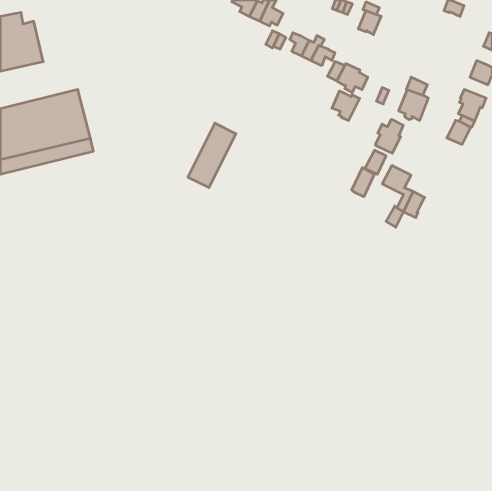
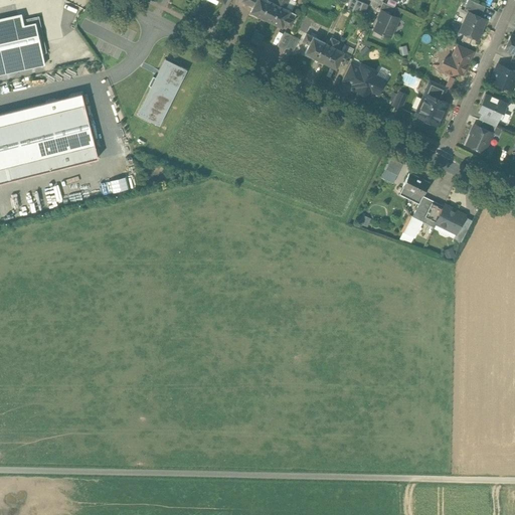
building: none -> [461,13,485,39]
building: none -> [442,45,473,75]
building: [332,91,360,121] -> none
building: [376,119,403,153] -> none
building: [188,123,236,188] -> [137,59,187,127]
building: [352,168,374,197] -> none
building: none -> [436,206,465,233]

